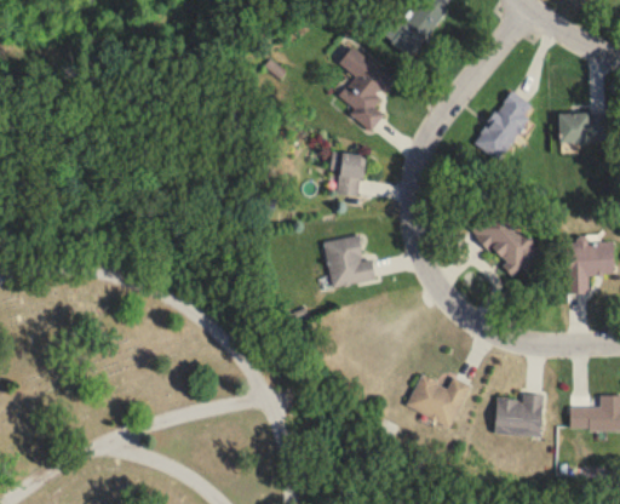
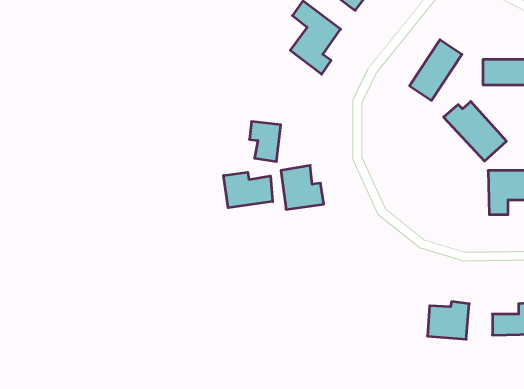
building: [329,150,366,196] -> [249,122,281,161]
building: [470,208,542,277] -> [444,101,506,161]
building: none -> [224,172,273,208]
building: [406,374,471,428] -> none

